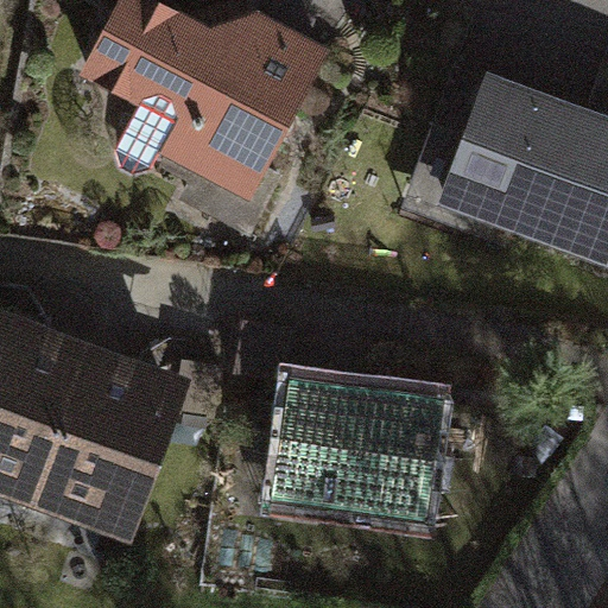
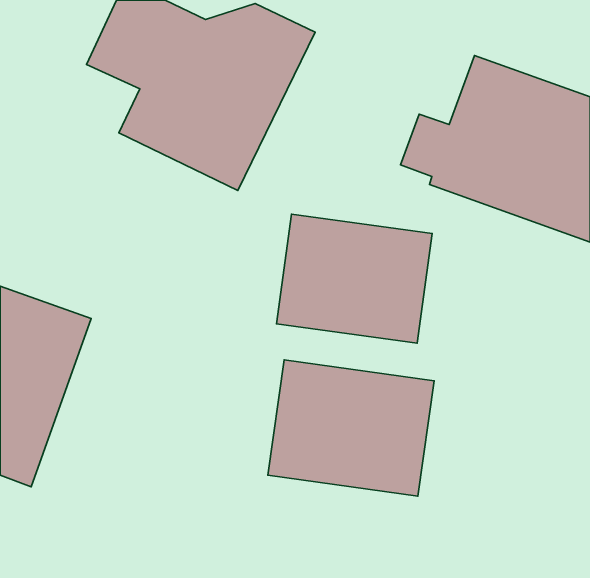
building: none -> [276,214,432,343]
building: [32,340,195,549] -> none

